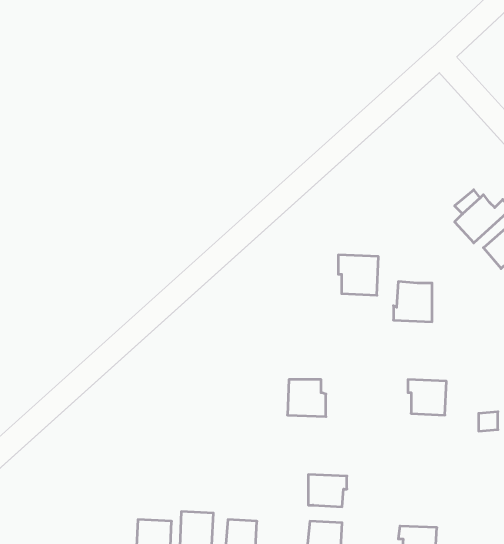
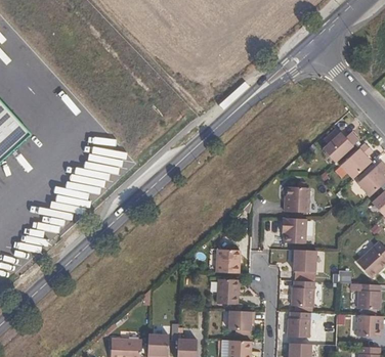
building: [338,255,378,295] -> [283,218,308,243]
building: none -> [218,278,240,304]
building: none -> [292,280,316,307]
building: none -> [288,311,310,337]

